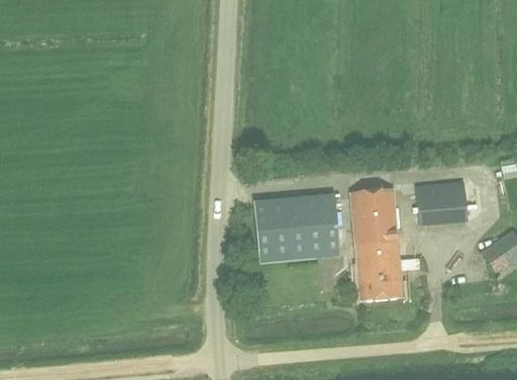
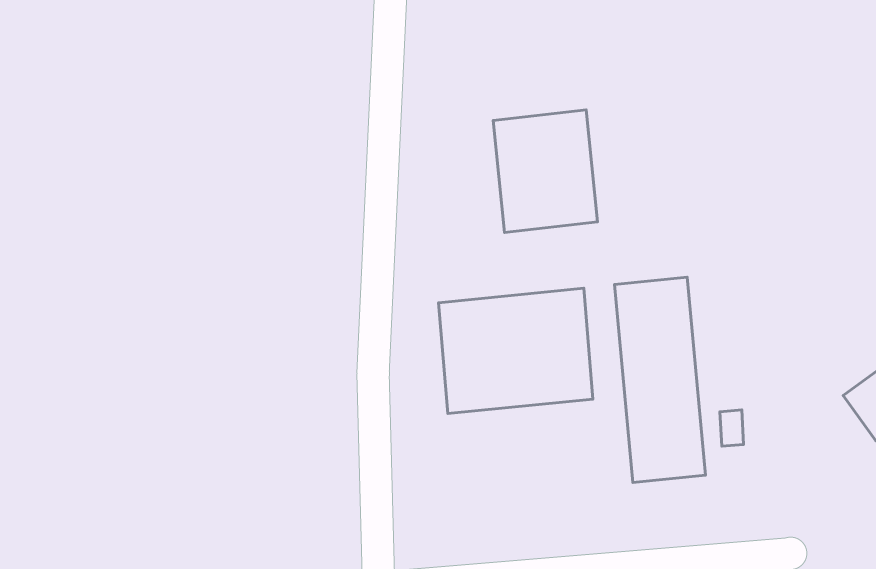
building: none -> [493,110,597,233]
building: [415,180,467,225] -> none

